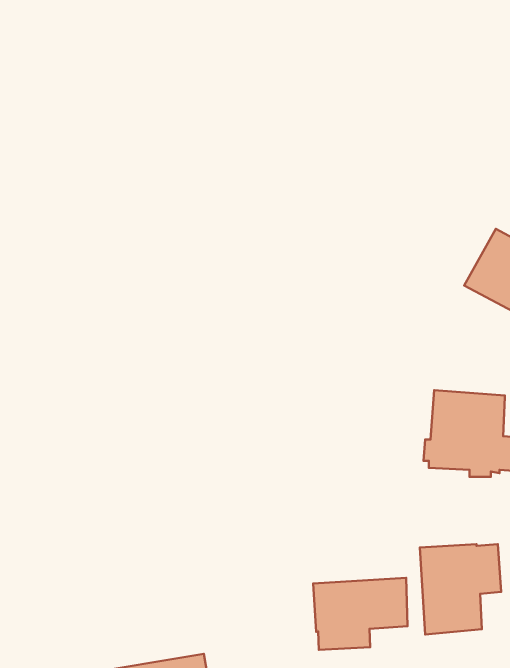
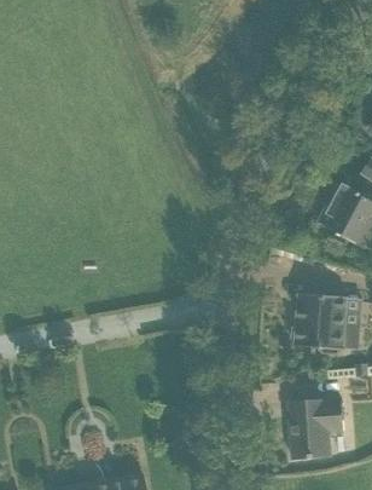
building: [313,578,407,650] -> none

